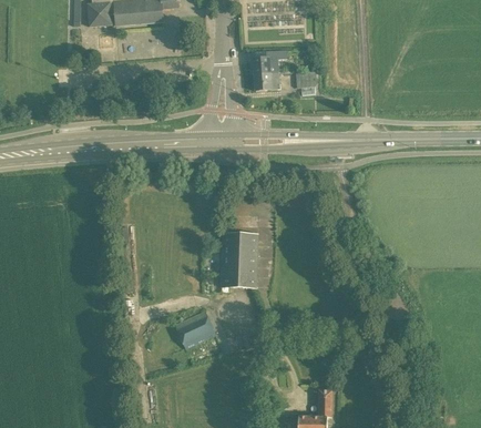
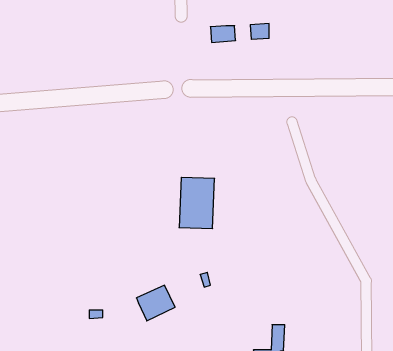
building: [254,50,283,73] -> none
building: [175,310,216,348] -> [136,285,175,321]

